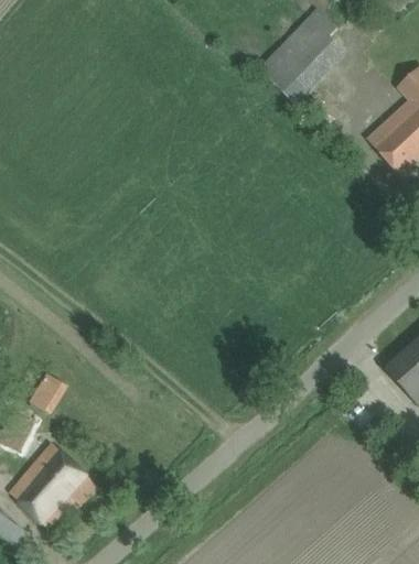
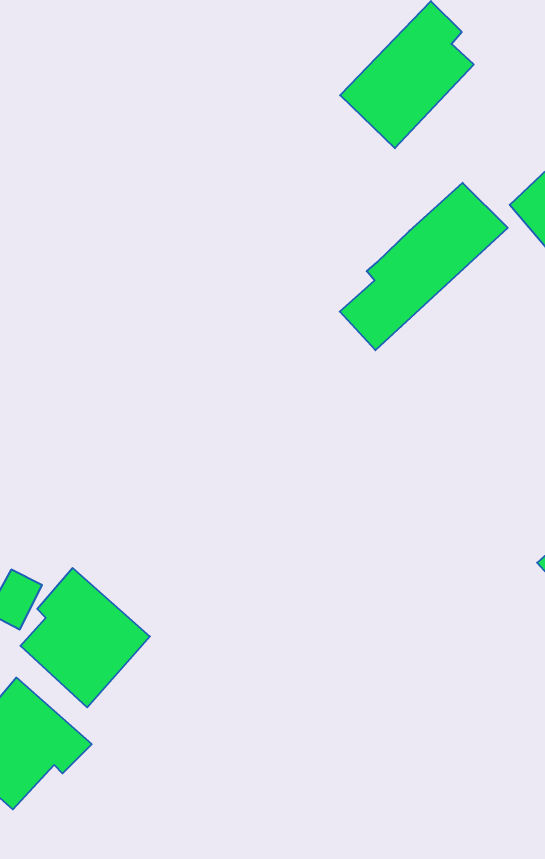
building: none -> [340,183,508,350]
building: none -> [20,568,150,707]

